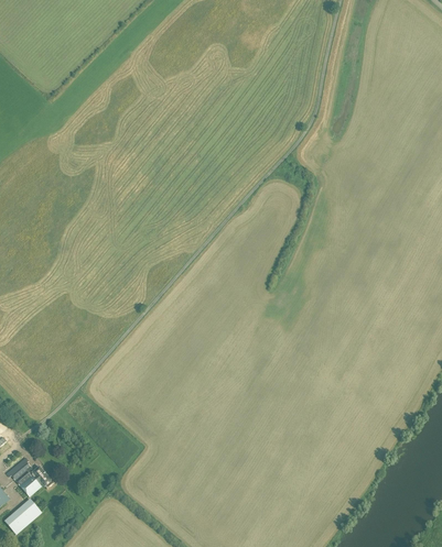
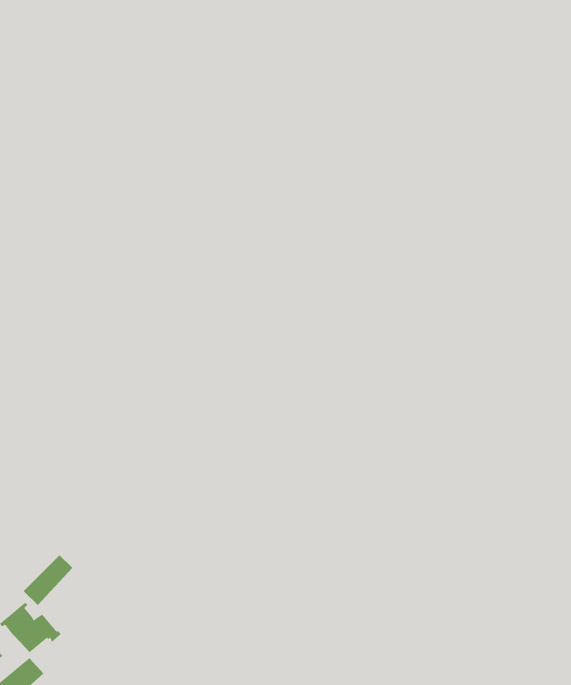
building: none -> [23,554,73,606]

